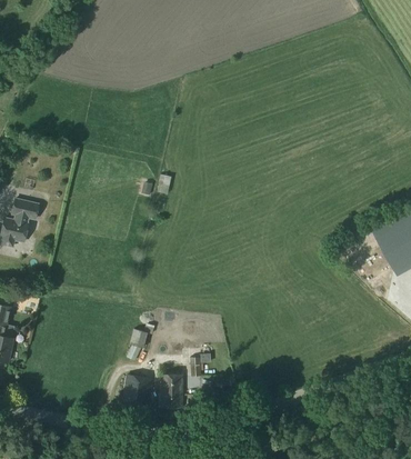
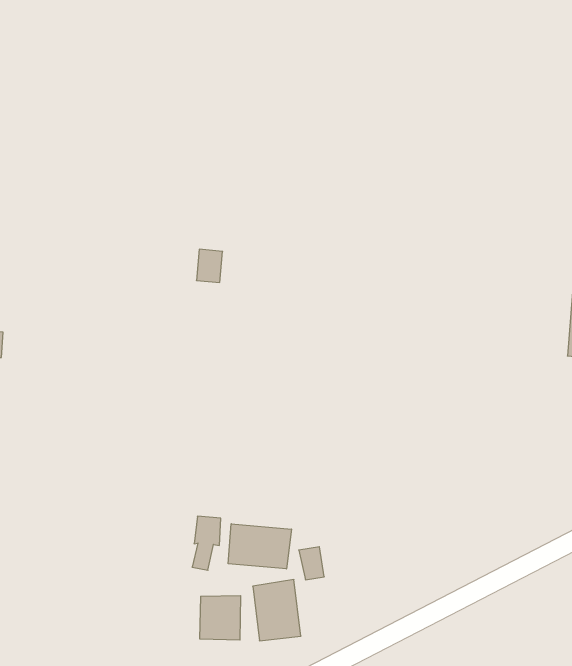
building: none -> [228,524,291,569]

